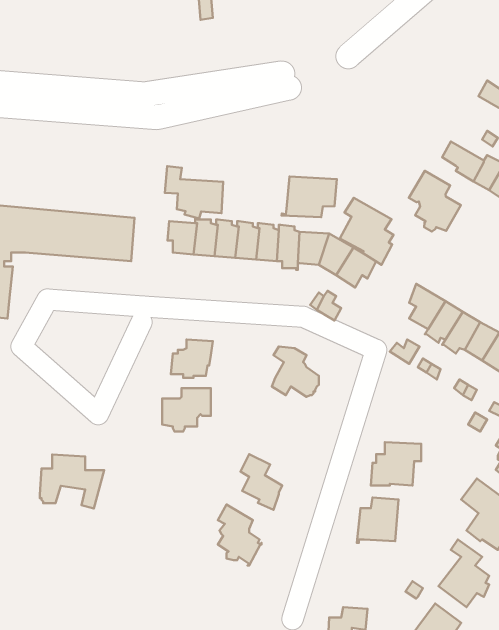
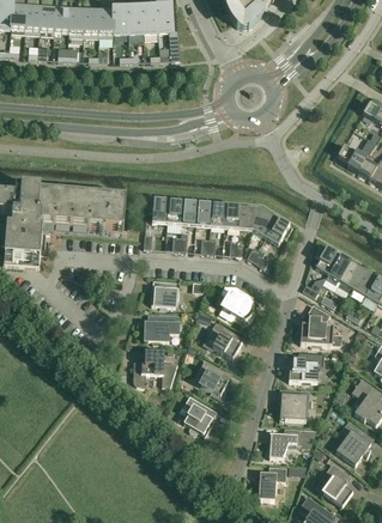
building: [165,166,223,218] -> none
building: [409,171,461,232] -> none
building: [282,176,337,217] -> none
building: [340,198,394,265] -> none
building: none -> [298,303,341,346]
building: none -> [210,320,241,358]
building: [40,455,104,509] -> [133,351,177,388]
building: none -> [267,426,320,457]

